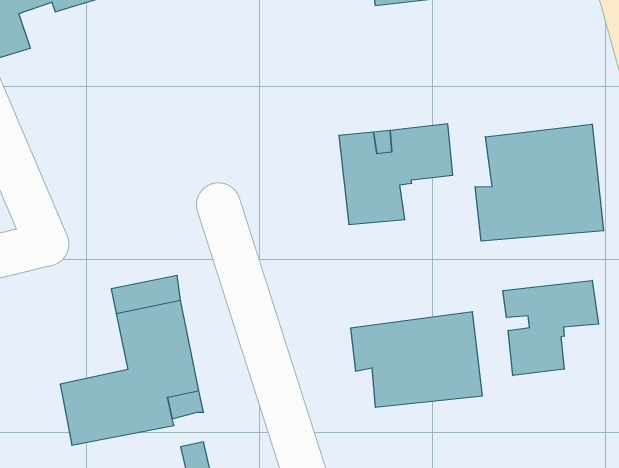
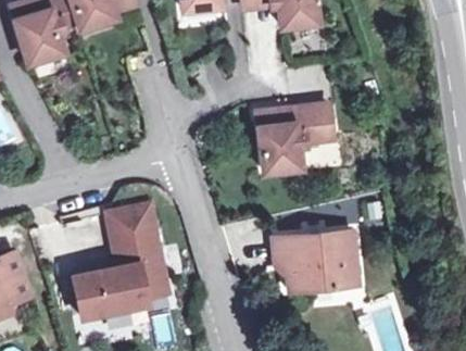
building: [475,124,603,241] -> none
building: [503,280,598,376] -> none

